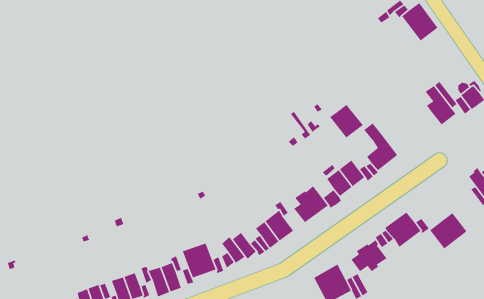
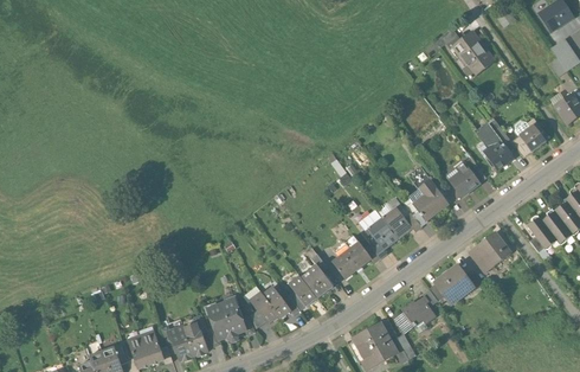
building: [329,104,364,138] -> none
building: none -> [449,160,481,197]
building: [429,212,467,249] -> [469,231,511,272]

